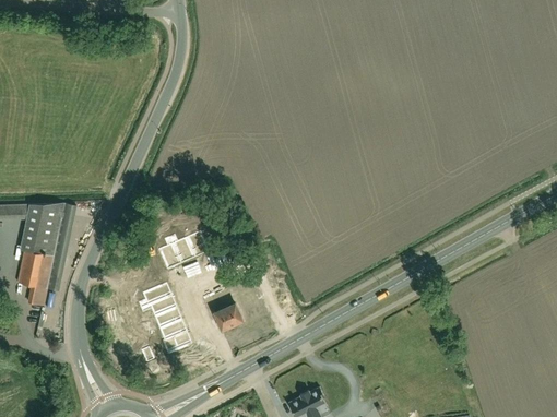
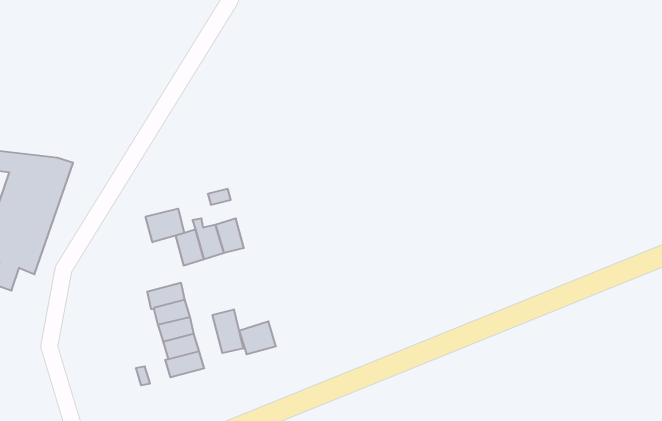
building: none -> [146,209,184,242]
building: none -> [213,309,243,353]

